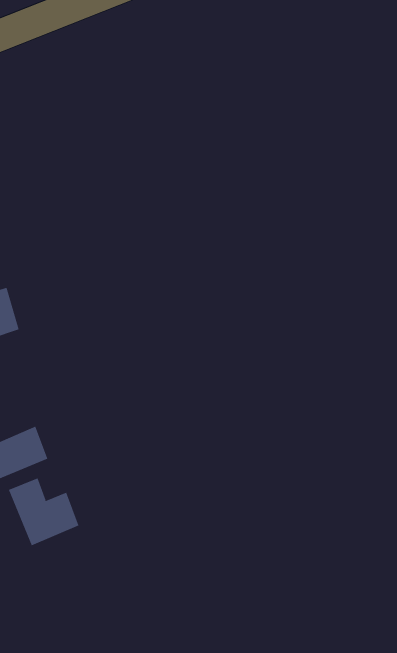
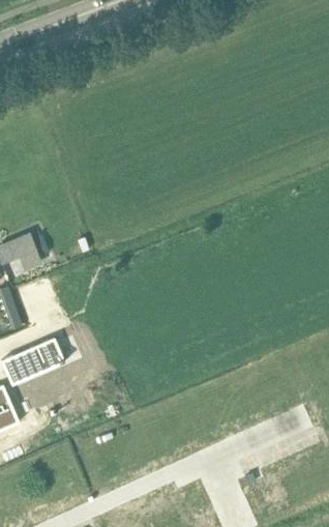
building: [8,477,79,546] -> none

